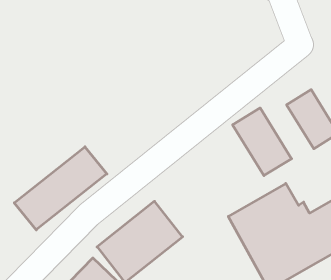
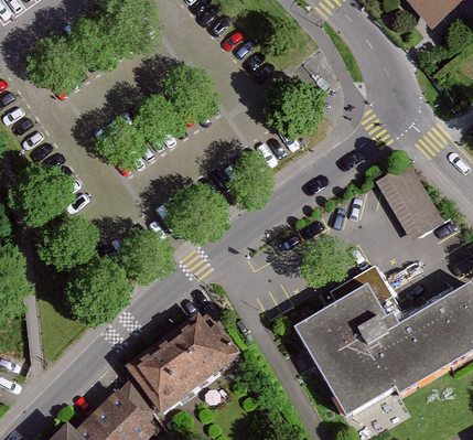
building: [233,108,292,176] -> none
building: [14,147,107,230] -> none

